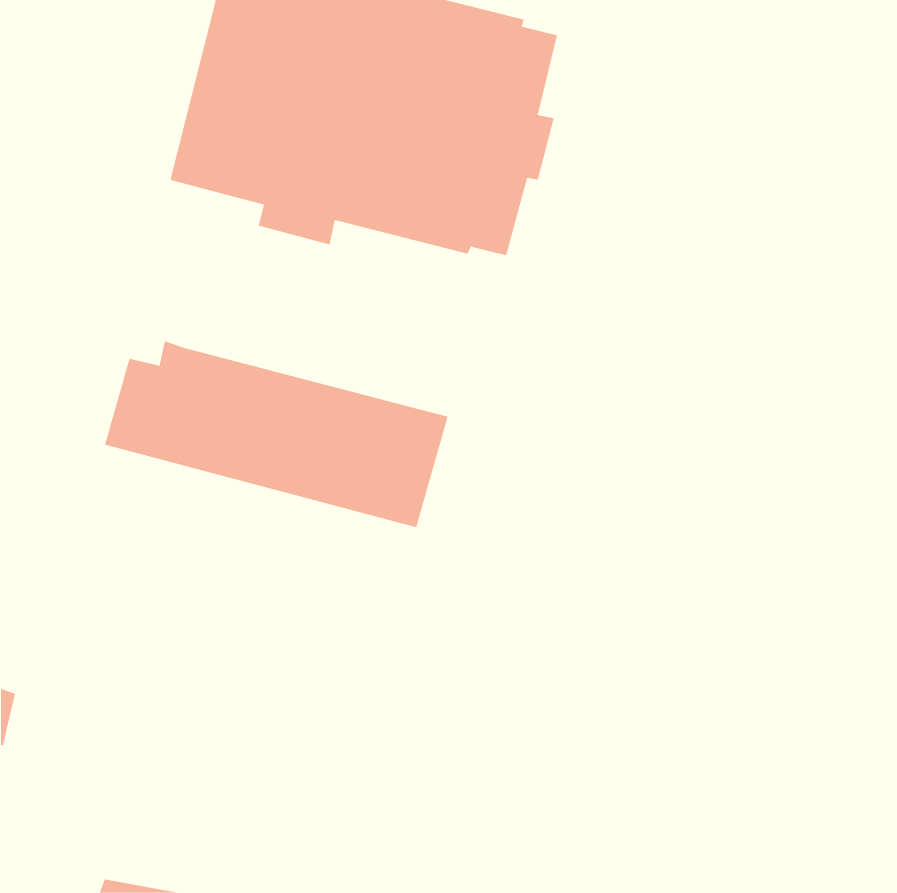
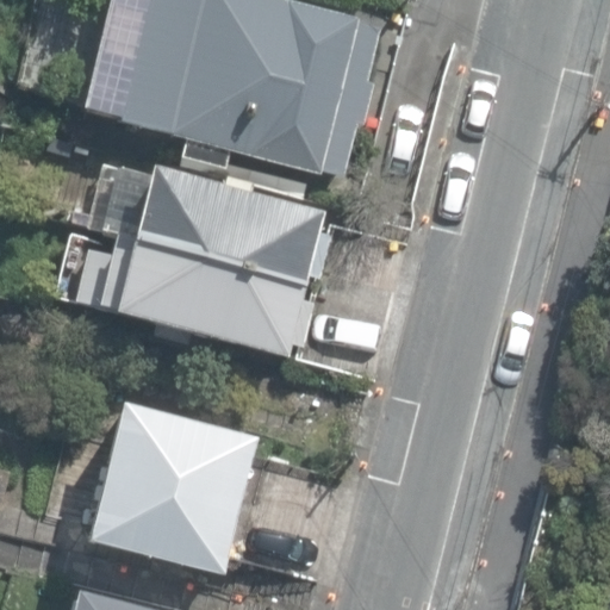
building: none -> [129,164,324,281]
building: none -> [88,405,251,568]

